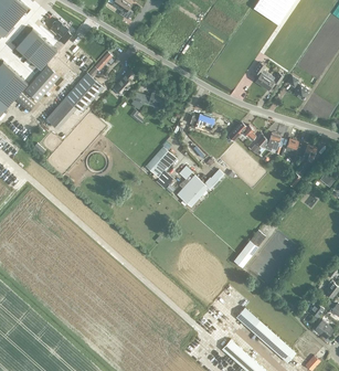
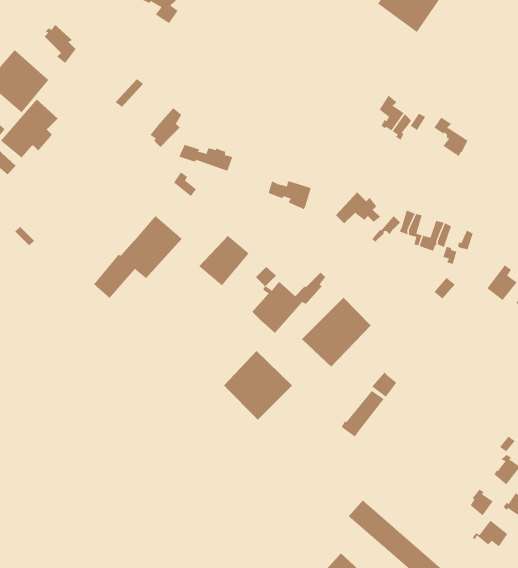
building: [49,73,103,124] -> [93,215,183,299]
building: none -> [301,297,372,368]
building: none -> [223,350,293,421]

